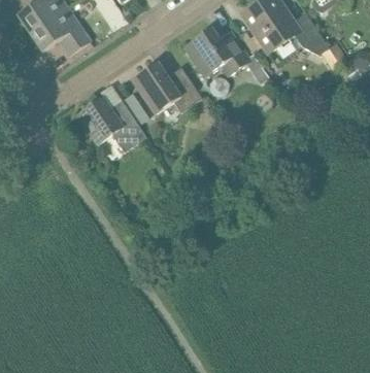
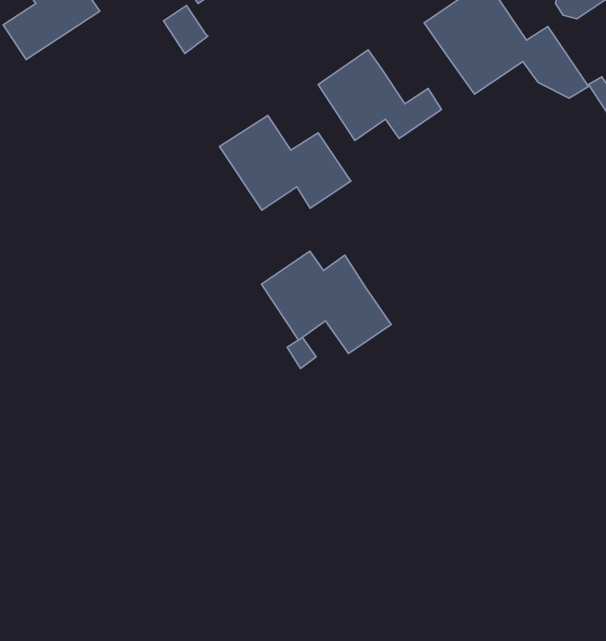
building: [29,6,91,54] -> none
building: [77,96,146,150] -> [262,251,391,354]

